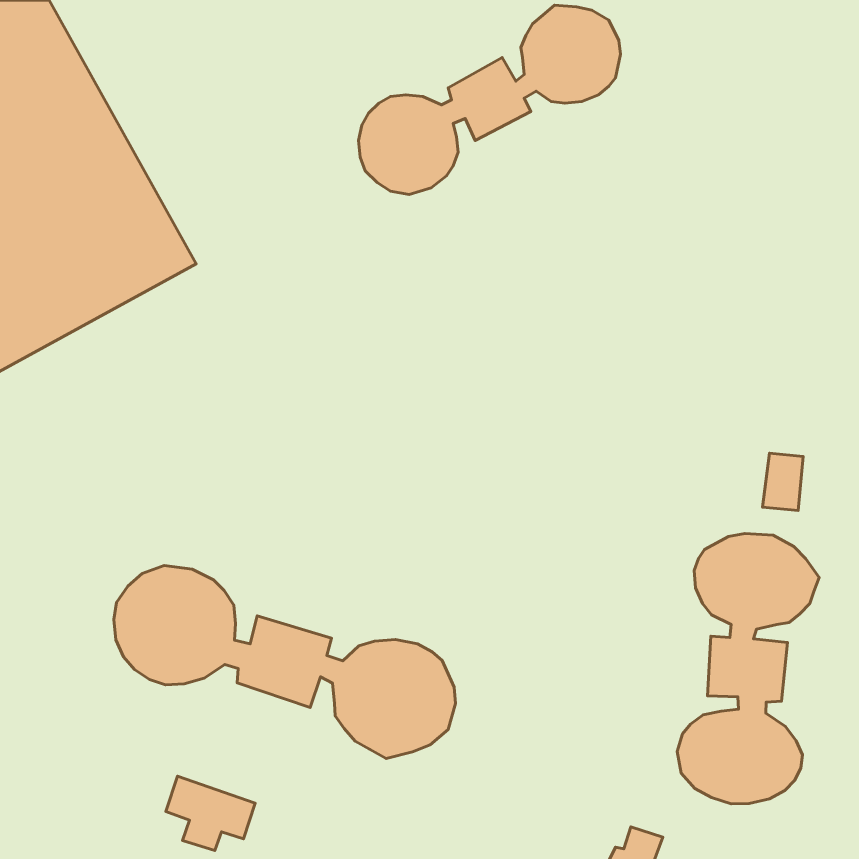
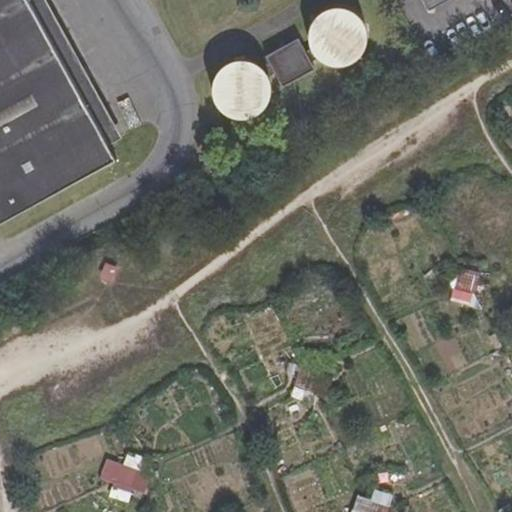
building: [677,533,819,804] -> none
building: [114,566,455,759] -> none

